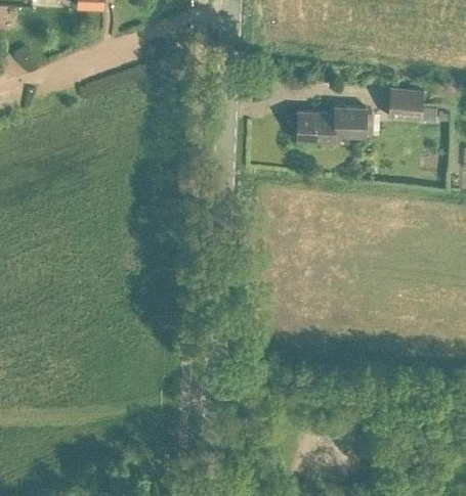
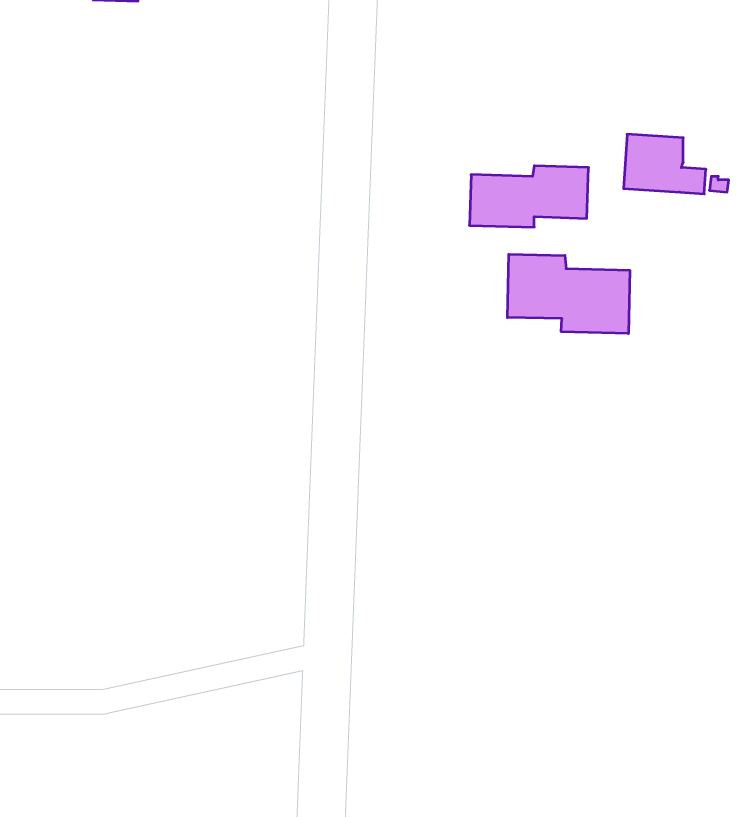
building: none -> [507,254,630,334]

